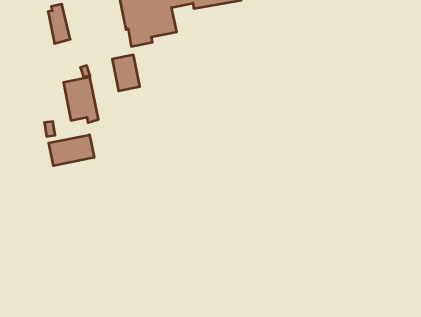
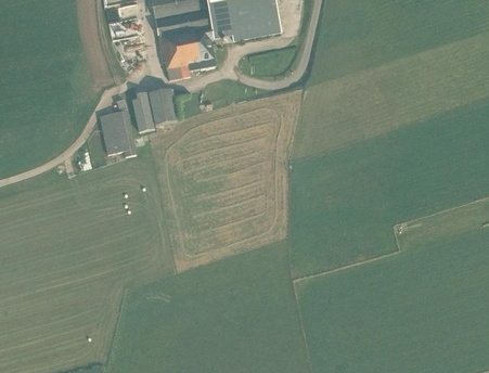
building: [48,4,70,43] -> [130,91,153,131]
building: [49,135,94,166] -> none

